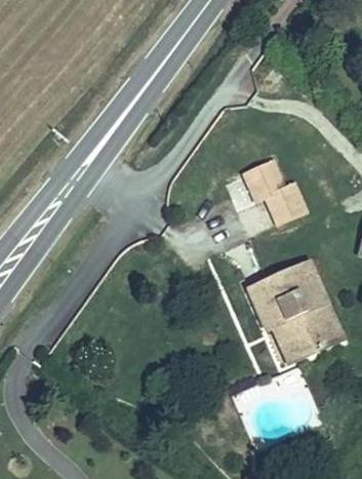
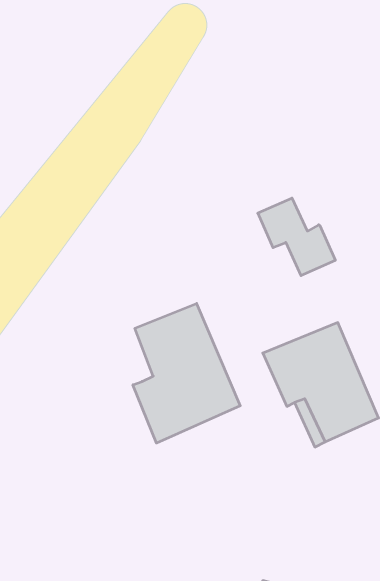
building: none -> [133,303,240,443]

